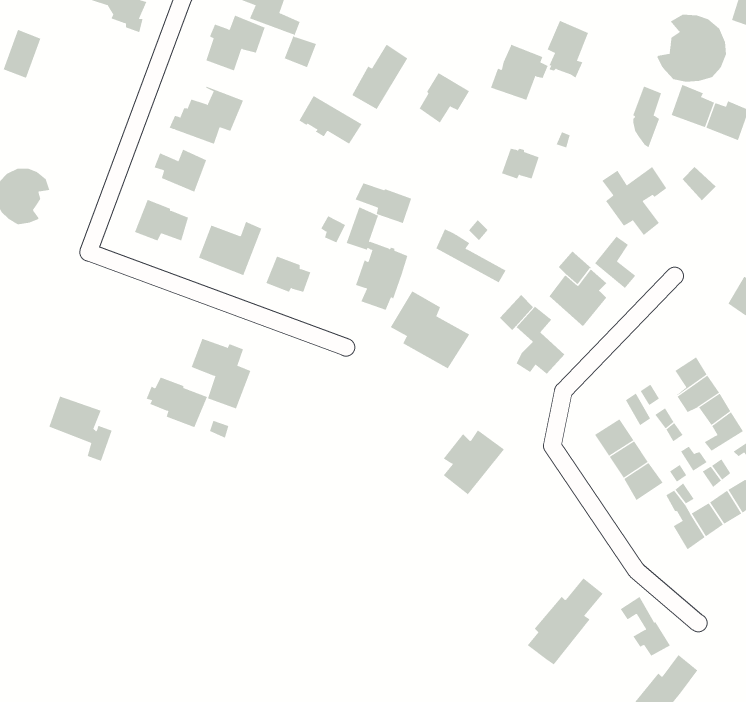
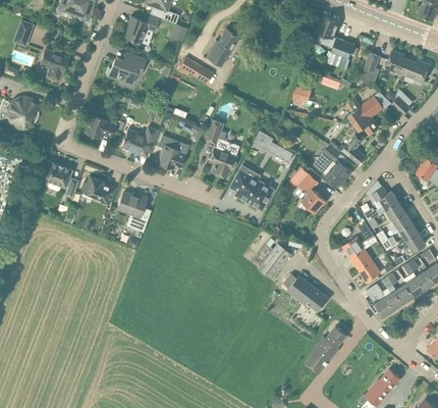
building: [657,14,727,82] -> none
building: [490,44,549,101] -> [325,37,358,68]
building: [419,72,470,124] -> none
building: none -> [40,49,68,81]
building: [154,149,207,193] -> none
building: [355,182,412,224] -> none
building: none -> [372,187,399,213]
building: [146,377,208,428] -> [81,176,116,205]
building: [49,396,112,462] -> [43,161,78,198]
building: none -> [283,272,329,311]
building: [620,596,671,657] -> [366,283,394,316]

